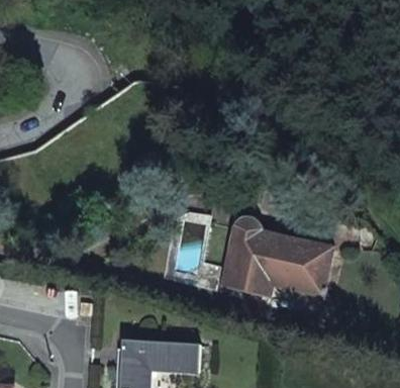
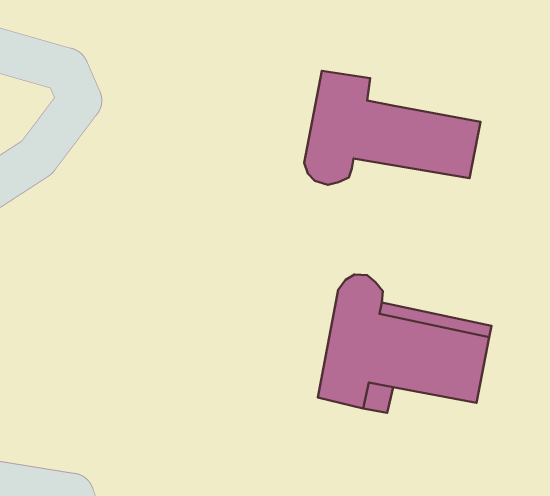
building: none -> [304,71,480,185]

